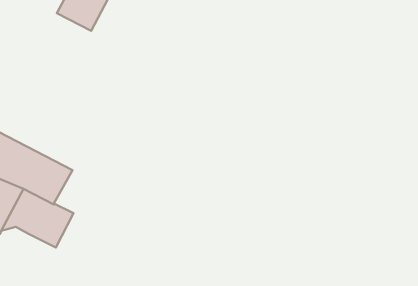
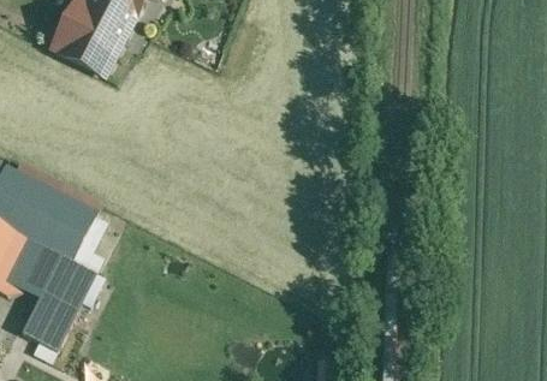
building: none -> [49,11,120,70]
building: none -> [24,288,77,346]

